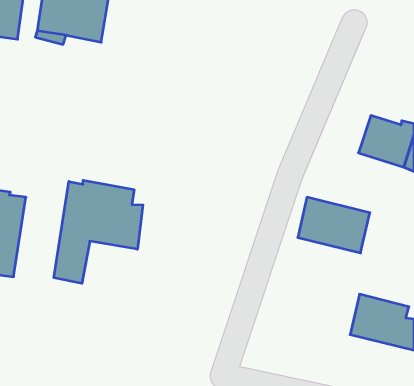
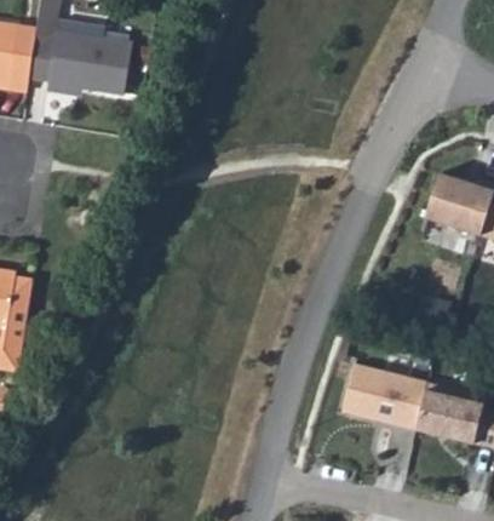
building: [54,180,143,283] -> none
building: [298,197,370,253] -> [340,368,425,434]

